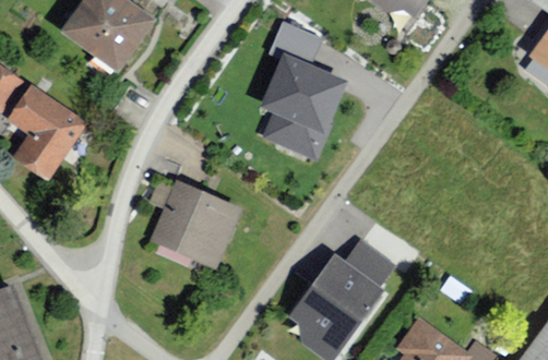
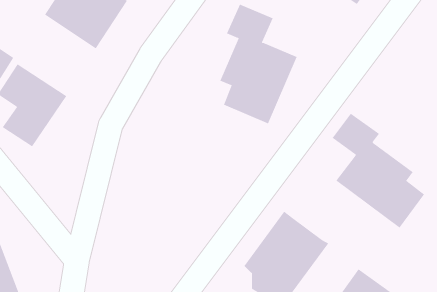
building: none -> [332,113,425,228]
building: [152,182,239,269] -> none
building: [344,240,393,285] -> none

